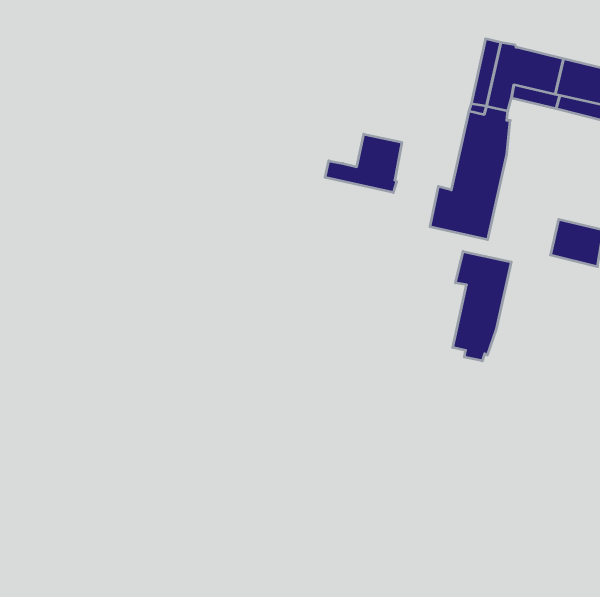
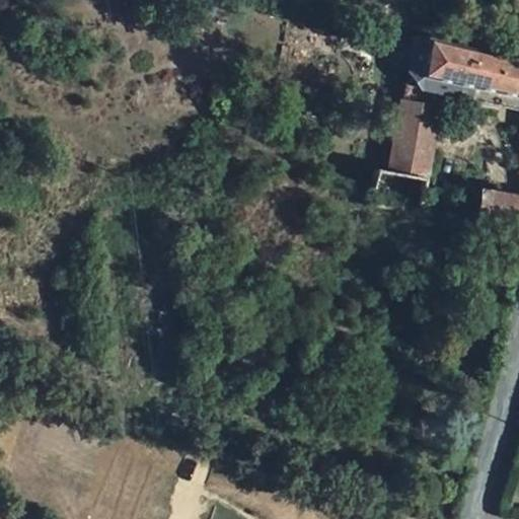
building: [325,134,402,193] -> none
building: [453,251,511,361] -> none

